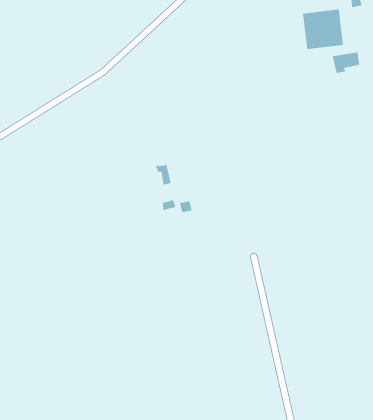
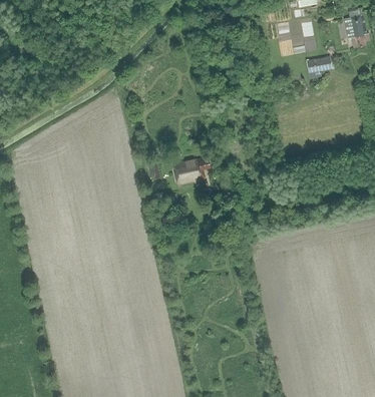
building: none -> [173,158,210,183]

